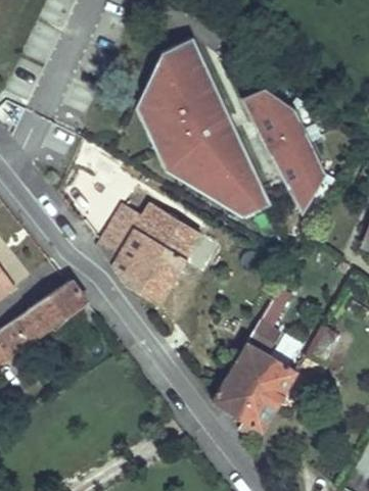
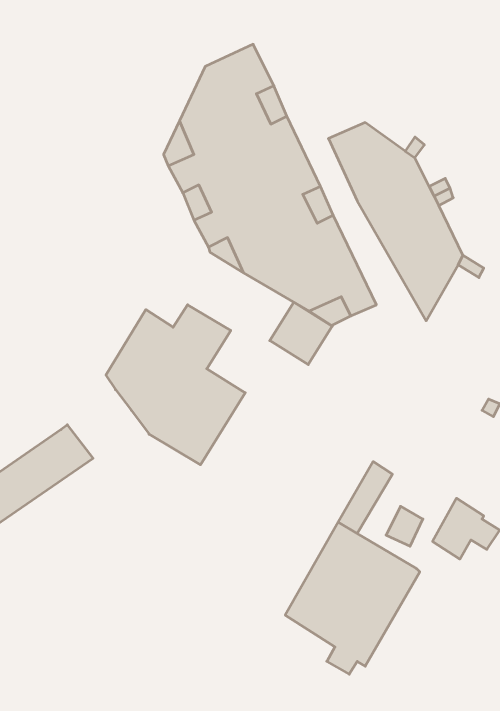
building: [162,218,201,258] -> [270,302,332,365]

